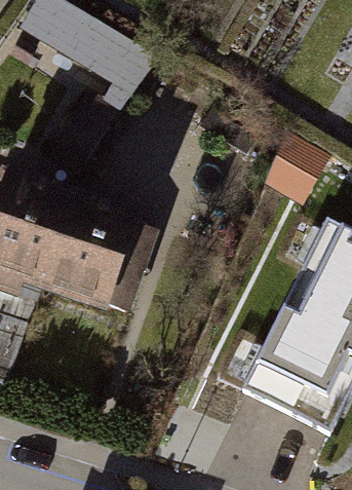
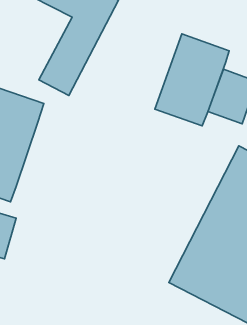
building: none -> [155,34,229,126]
building: [30,198,136,306] -> none

